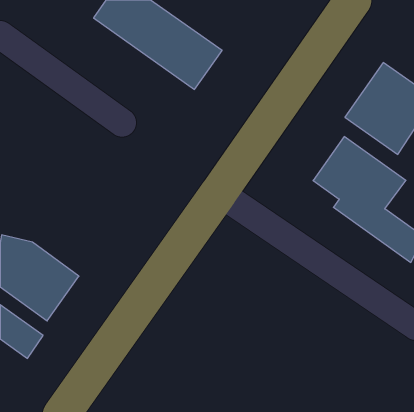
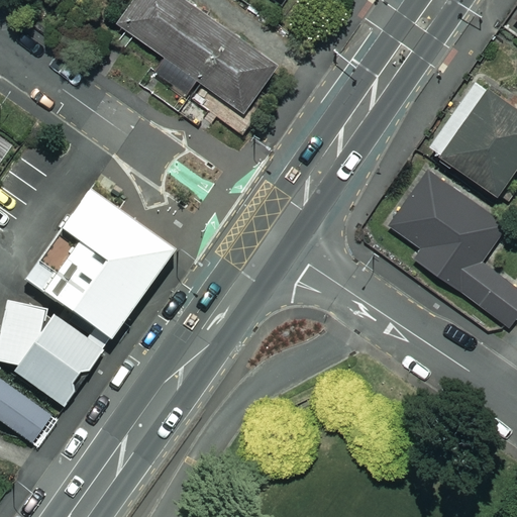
building: none -> [22,183,171,333]

